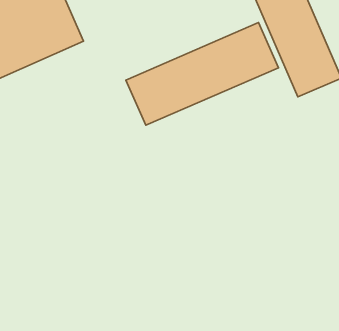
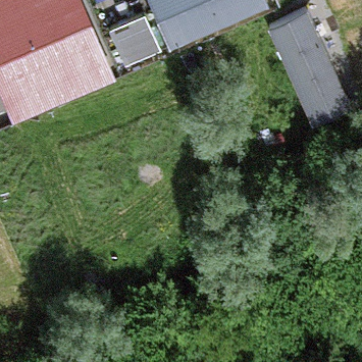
building: [126,23,279,125] -> none

